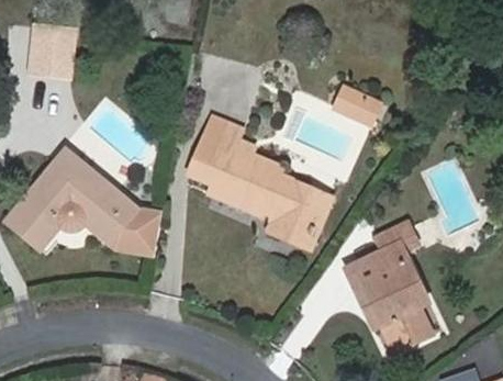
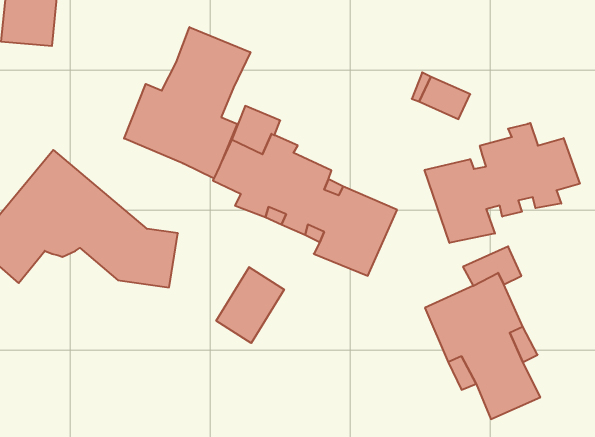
building: none -> [124,27,250,178]
building: none -> [425,123,580,243]
building: none -> [216,267,284,343]

